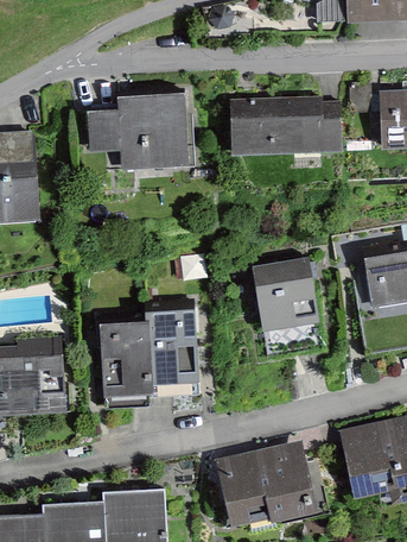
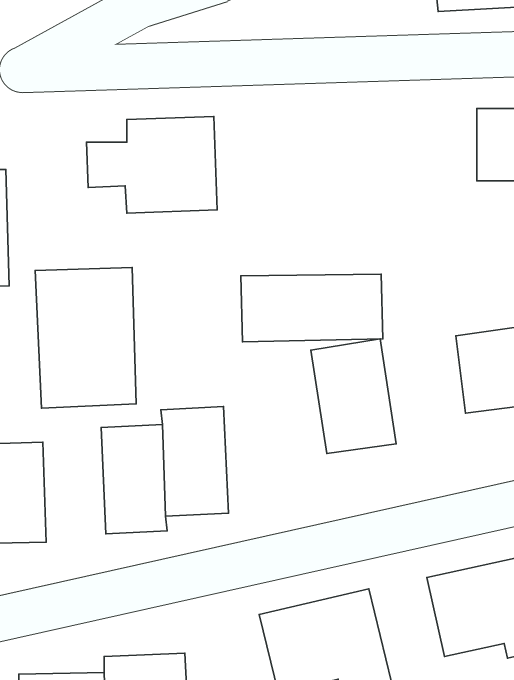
building: [231,97,336,147] -> [241,274,383,342]
building: none -> [35,268,136,408]

